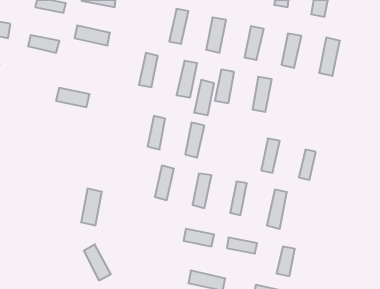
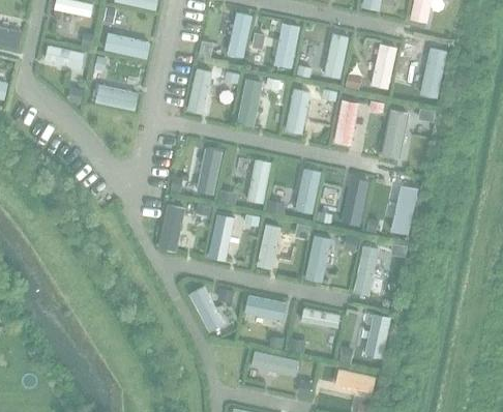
building: [194,80,214,115] -> [294,168,320,213]
building: none -> [380,109,408,158]
building: [56,88,90,107] -> [94,85,138,110]
building: [81,189,102,225] -> [157,204,184,252]
building: [84,244,111,280] -> [188,286,224,332]

